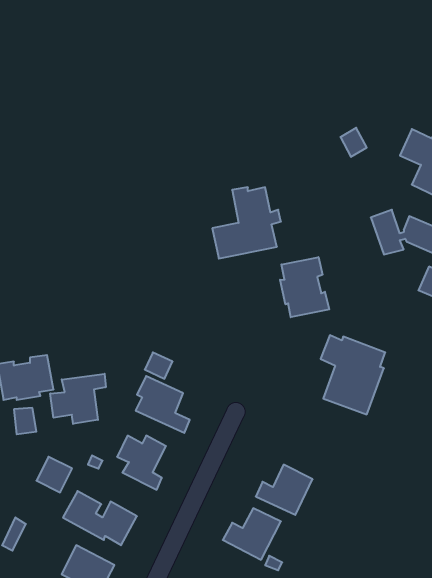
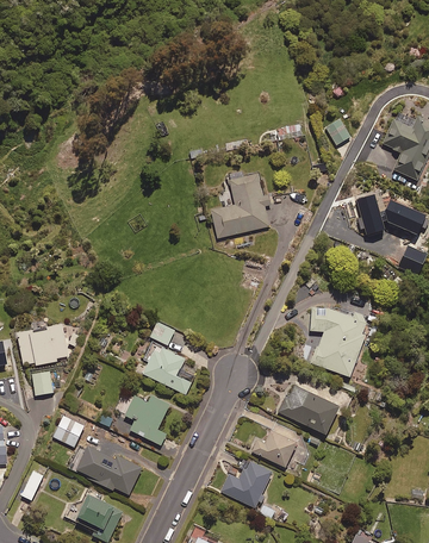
building: [280,257,329,317] -> none
building: [50,374,106,424] -> none
building: none -> [278,382,340,435]

